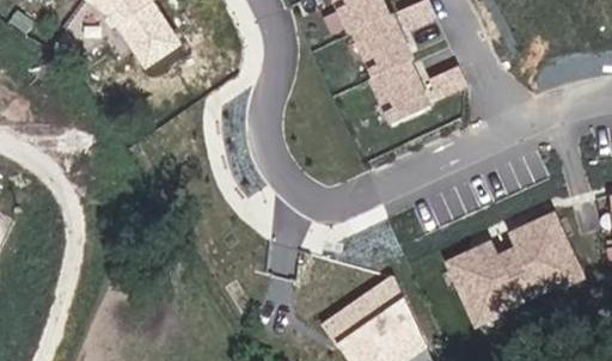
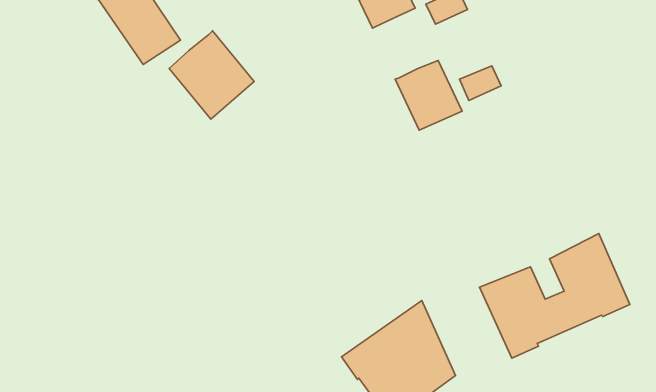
building: [351,11,411,74] -> none
building: none -> [169,31,254,119]

